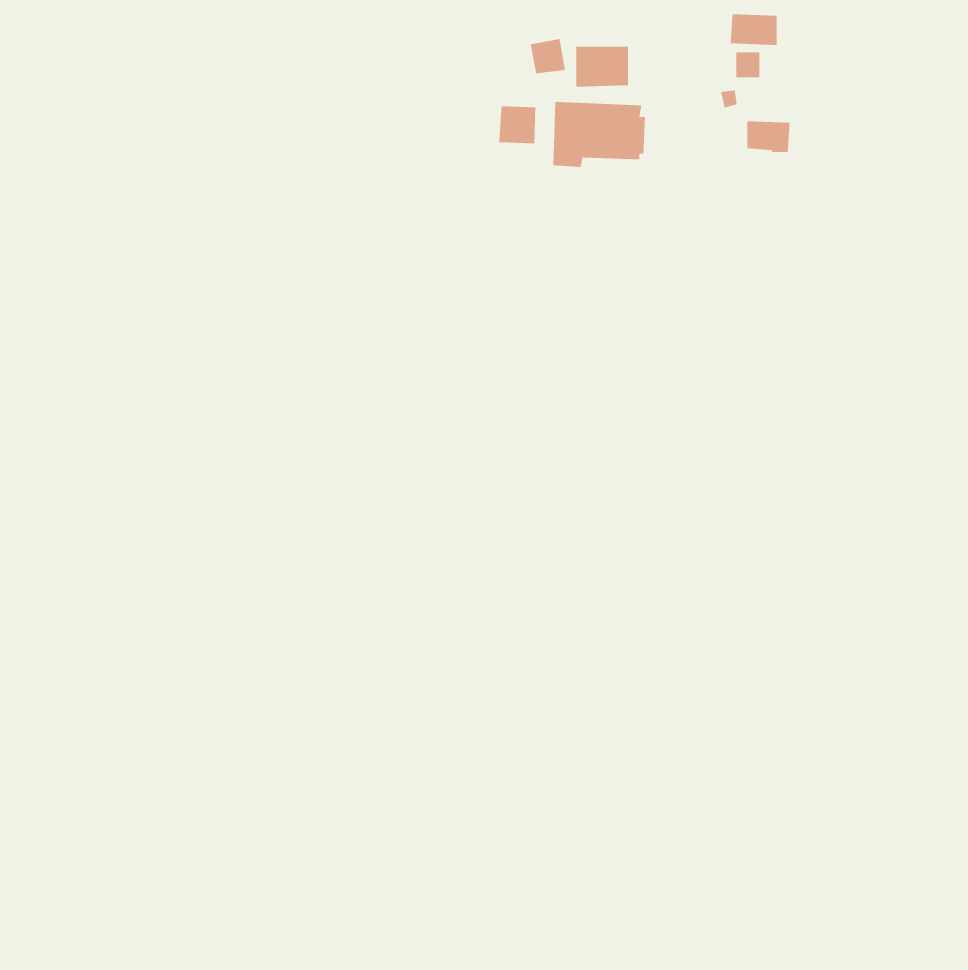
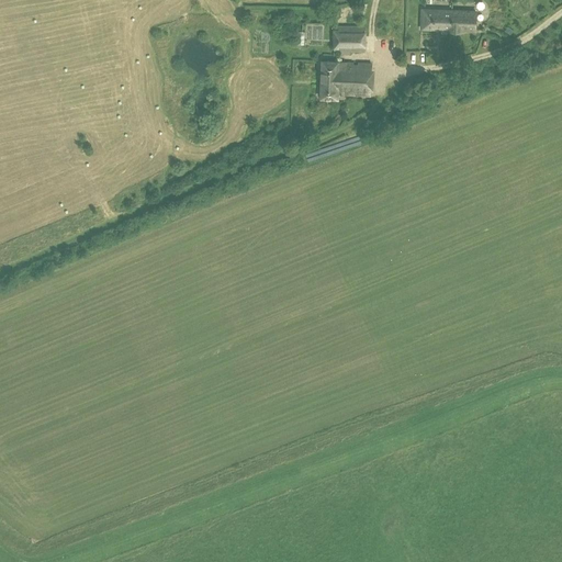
building: [498,105,536,144] -> none
building: [747,120,790,153] -> [448,9,473,27]

